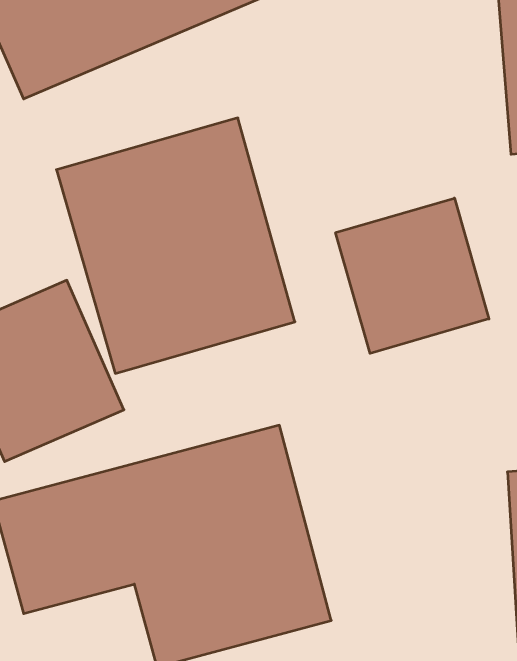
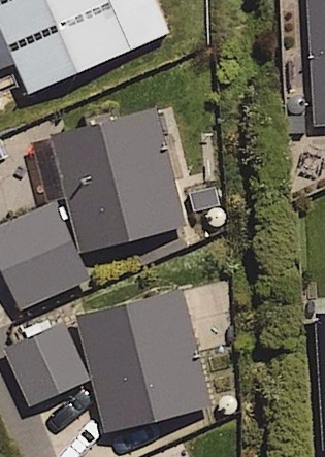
building: [336,198,489,353] -> none

